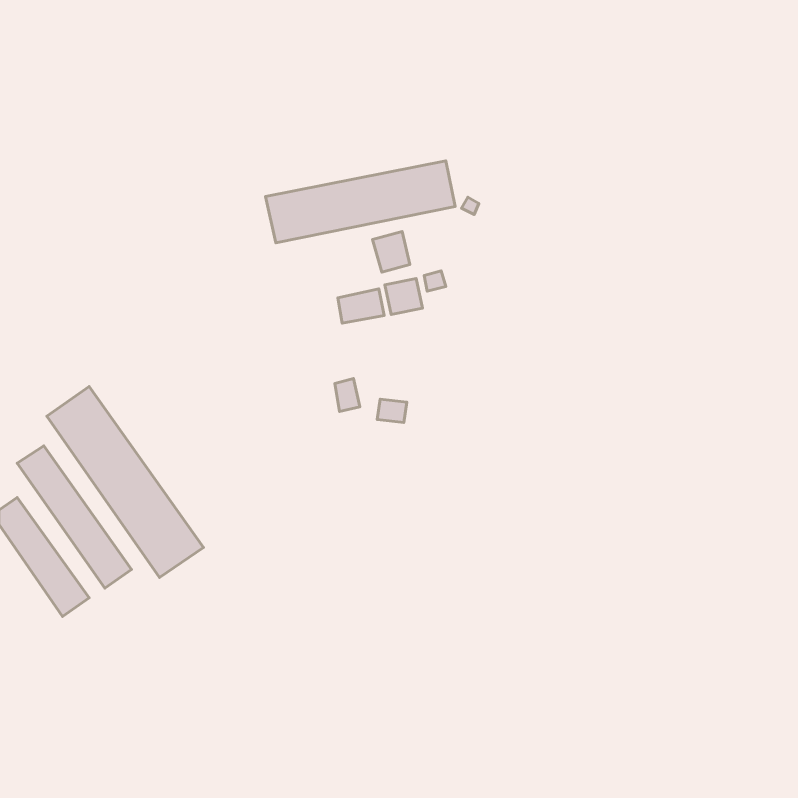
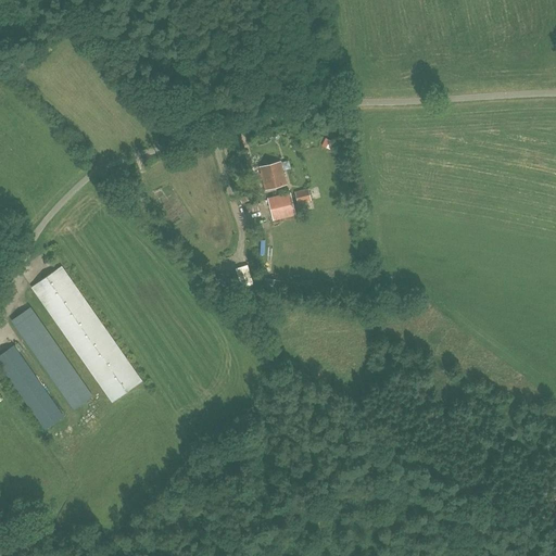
building: [266,161,455,243] -> none
building: [338,289,384,323] -> none

